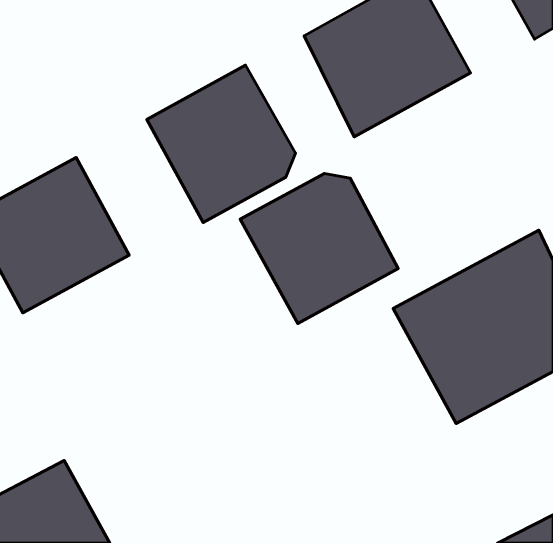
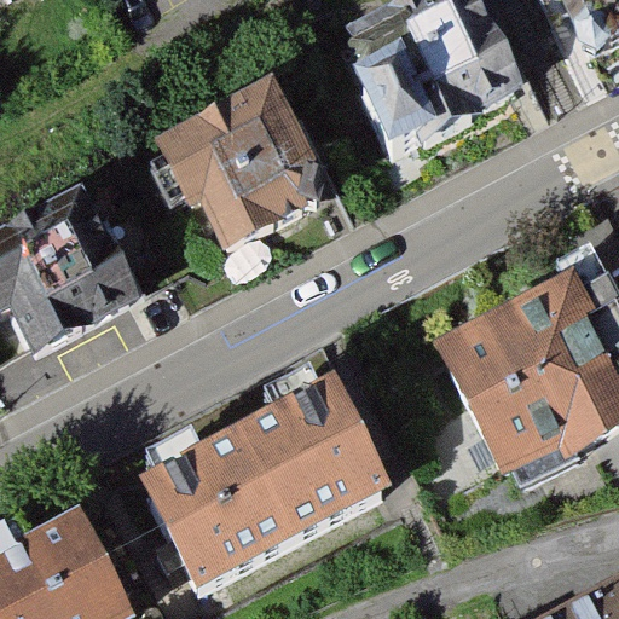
building: [240,173,398,324] -> none
building: none -> [134,376,388,592]

